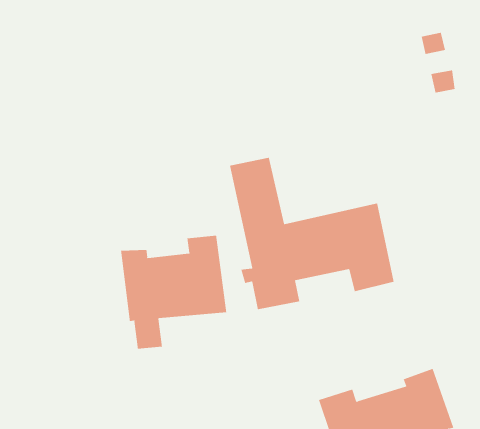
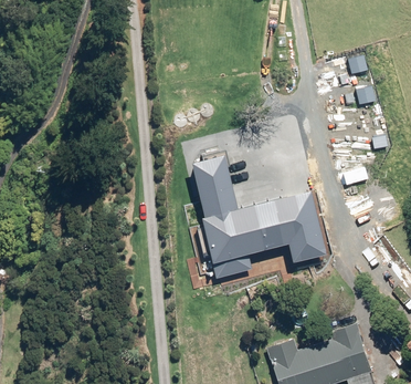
building: [120,235,227,349] -> none

